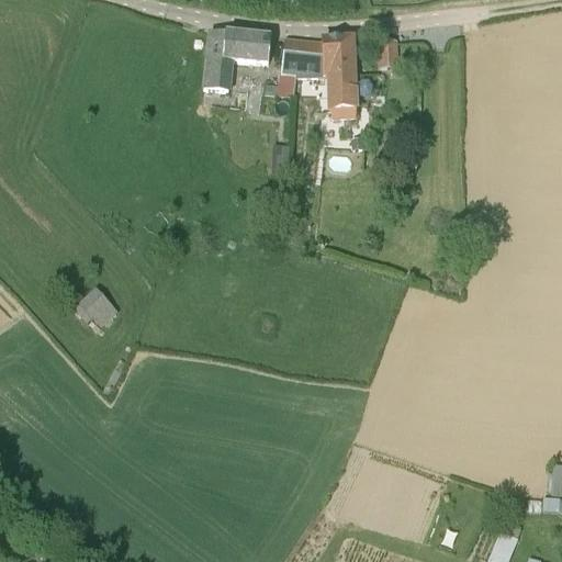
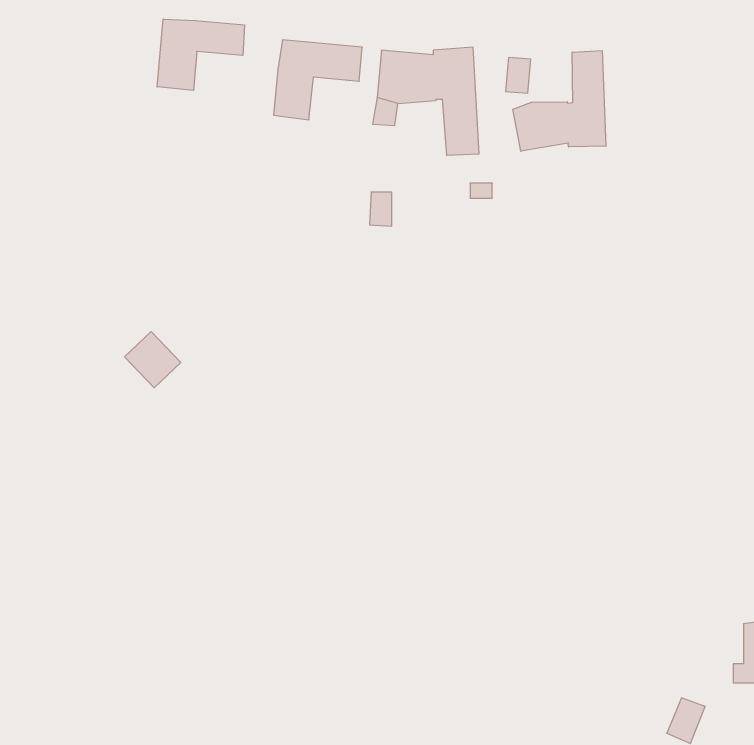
building: none -> [157,19,244,90]
building: none -> [513,51,606,151]
building: [79,284,121,326] -> [125,332,181,388]

